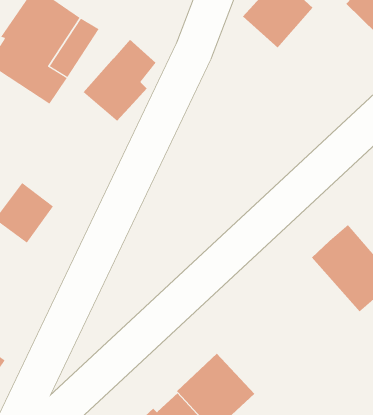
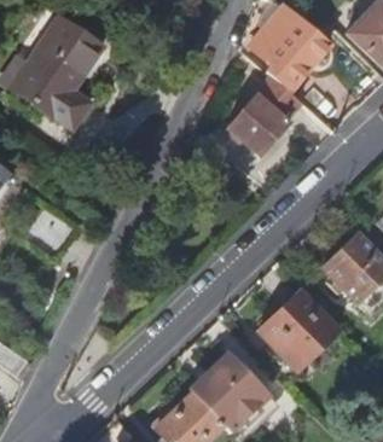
building: [83,39,157,122] -> [230,70,300,149]
building: none -> [257,290,340,370]

